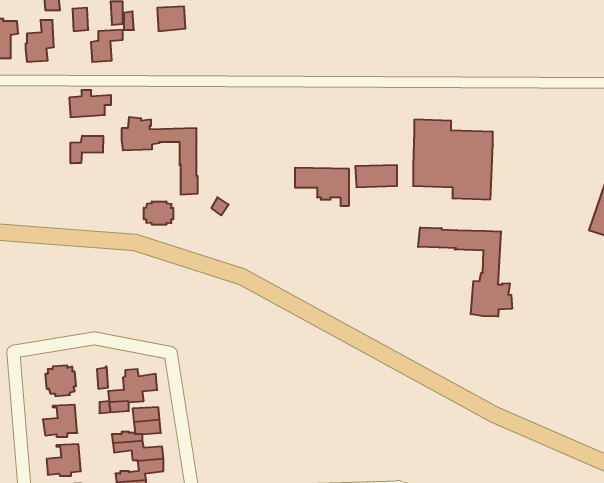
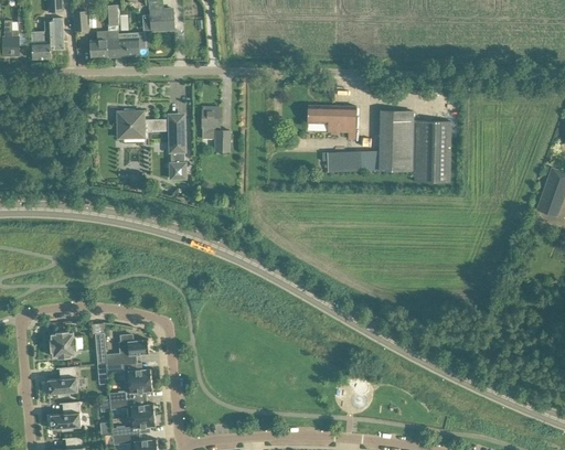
building: [69,90,111,117] -> [107,33,145,57]
building: none -> [201,107,230,151]
building: [71,136,103,163] -> none
building: [295,168,349,206] -> [307,105,355,139]
building: [144,201,173,225] -> none
building: [418,227,512,317] -> none

